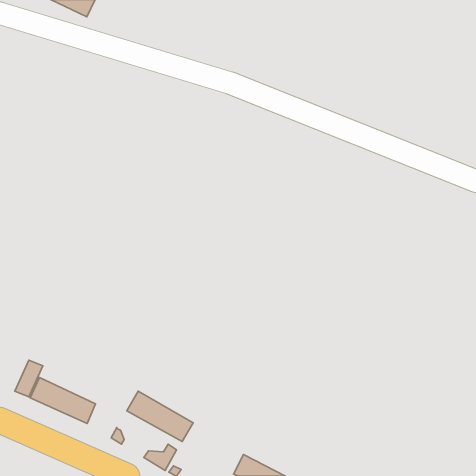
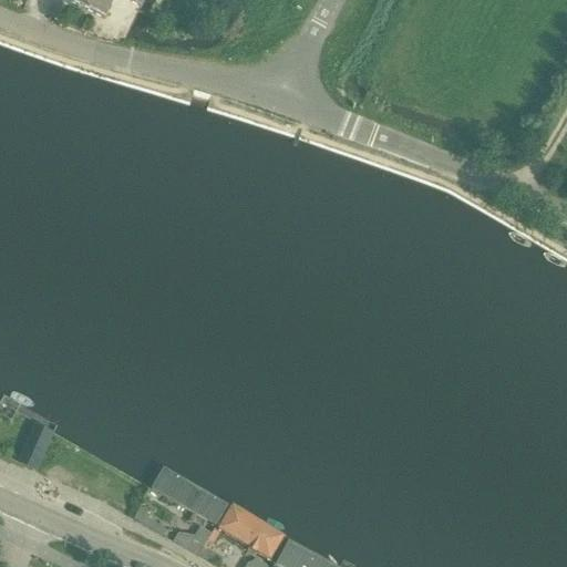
building: [30,377,96,424] -> none
building: none -> [219,502,288,559]

